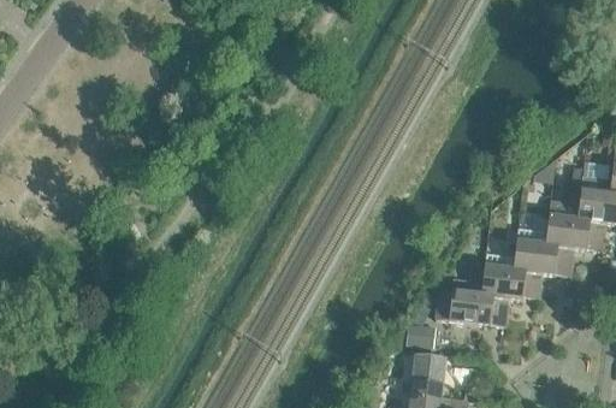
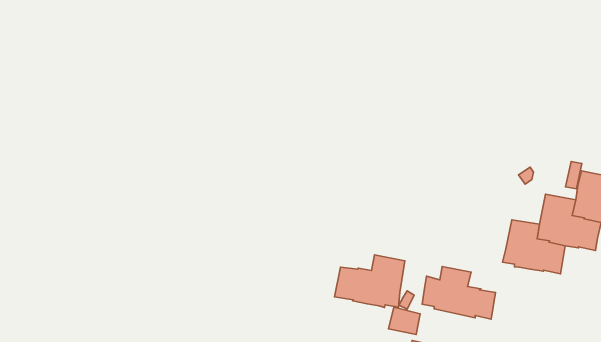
building: [480,253,540,302] -> none
building: none -> [334,255,405,307]

